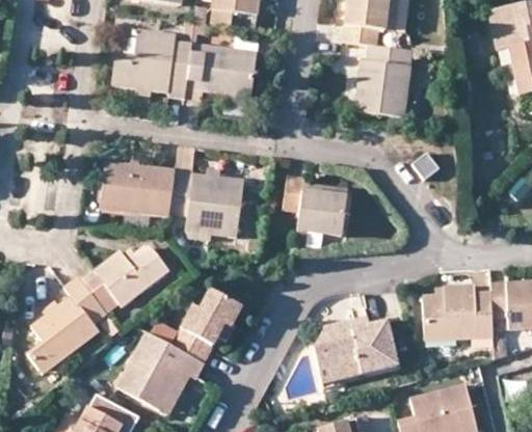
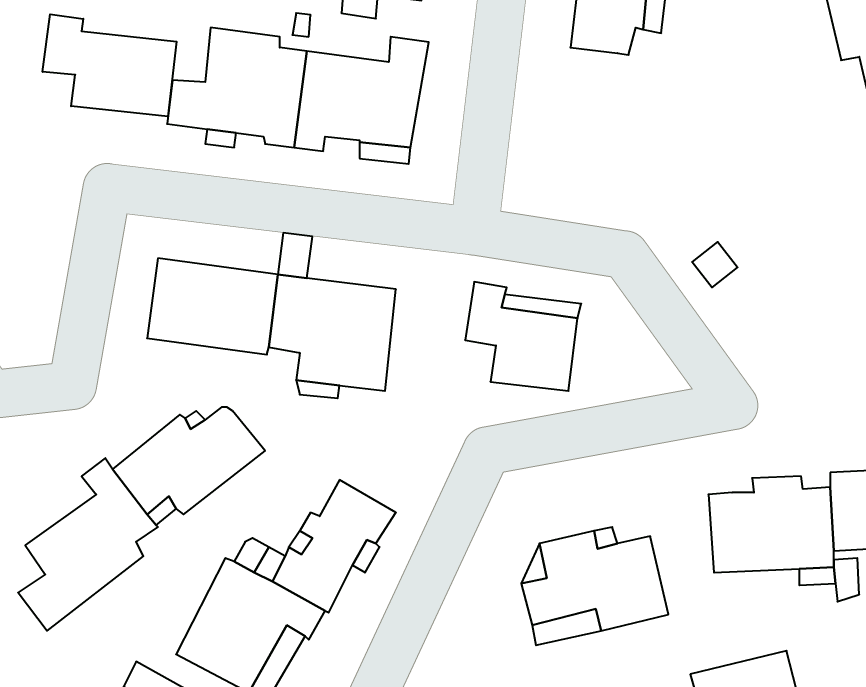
building: none -> [43,14,177,117]
building: [354,44,411,117] -> none

